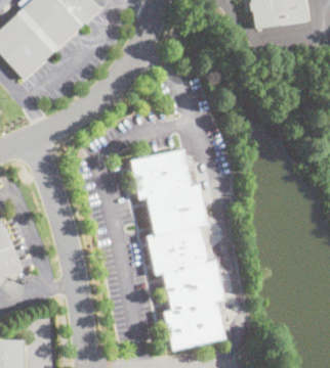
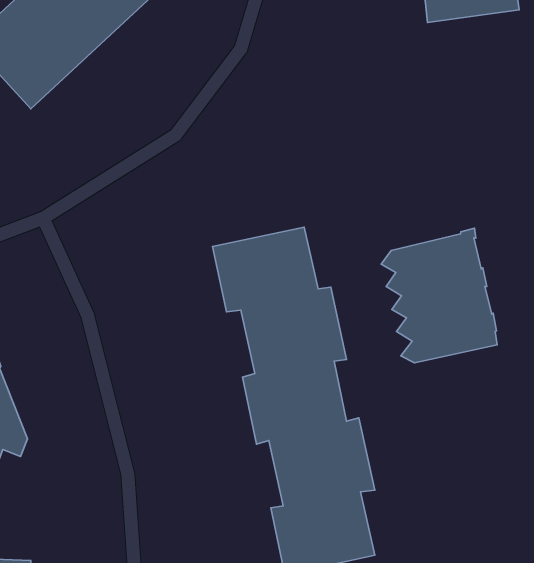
building: none -> [381,228,497,363]

